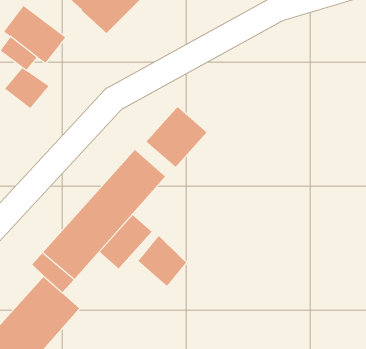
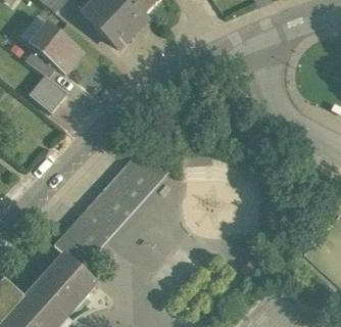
building: [146,106,208,168] -> none
building: [99,214,152,269] -> none
building: [138,235,187,287] -> none

